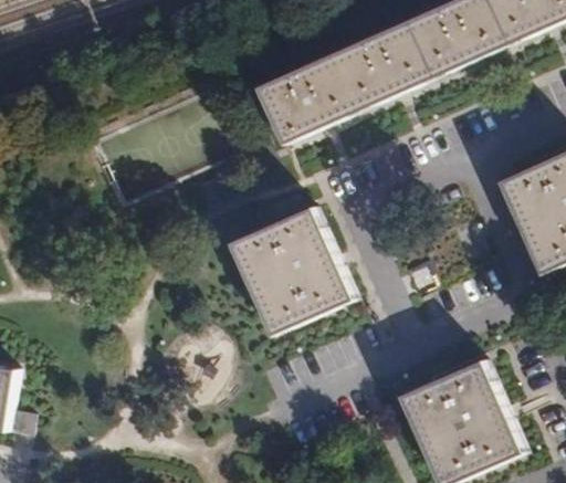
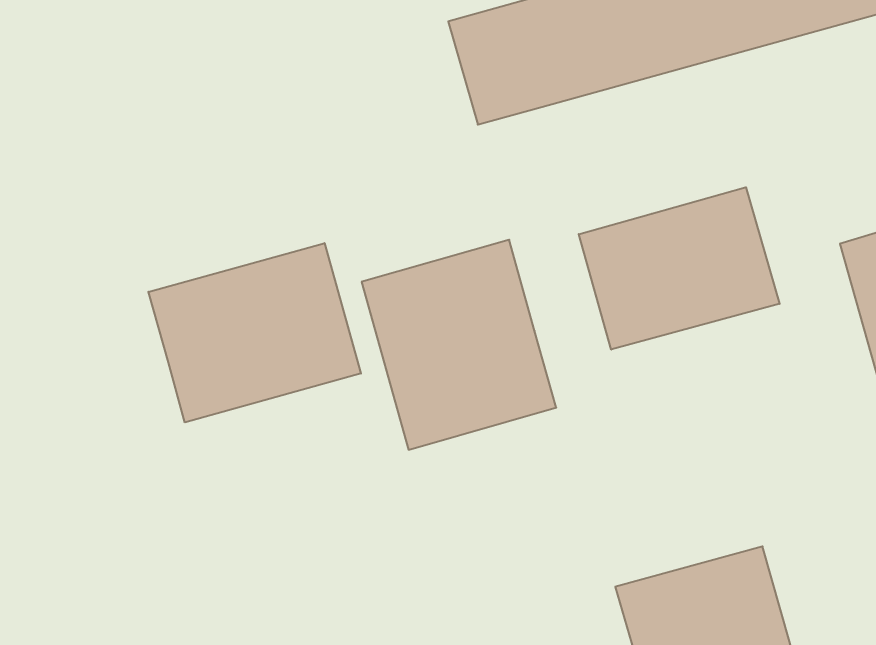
building: none -> [579,187,780,350]
building: none -> [148,243,361,422]

